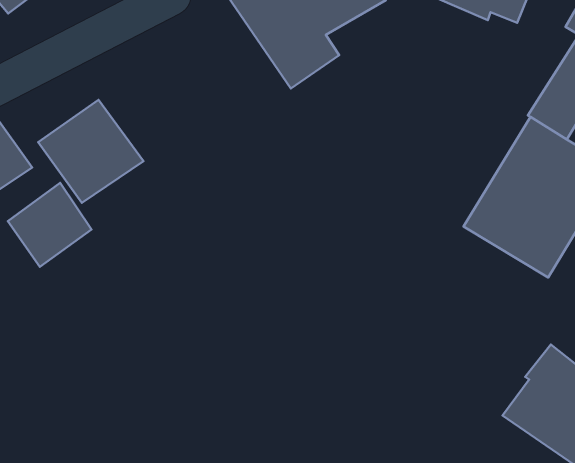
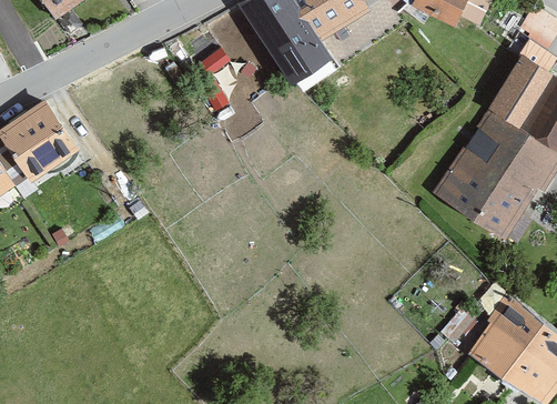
building: [38,100,144,203] -> none
building: [8,183,91,267] -> none

